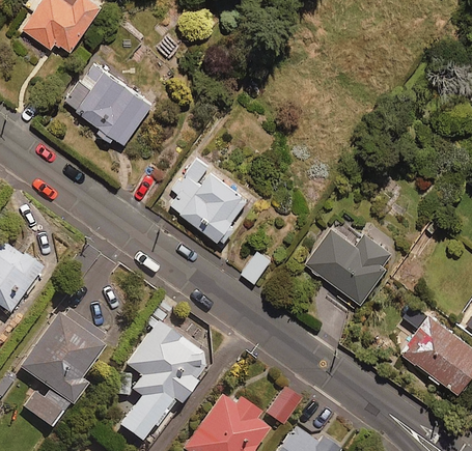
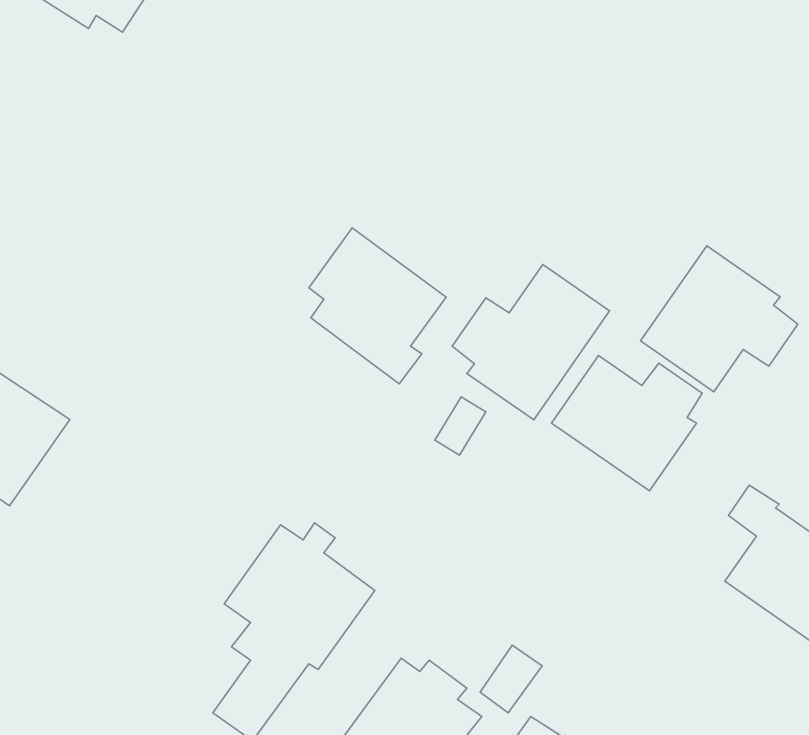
building: [64,62,151,148] -> none
building: none -> [641,246,798,392]
building: none -> [452,265,610,420]
building: [17,306,106,428] -> none

